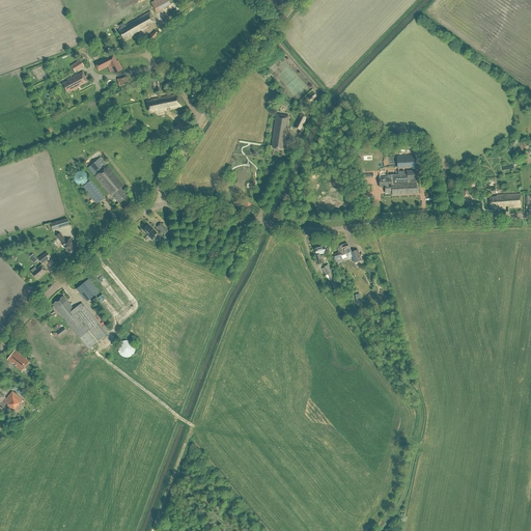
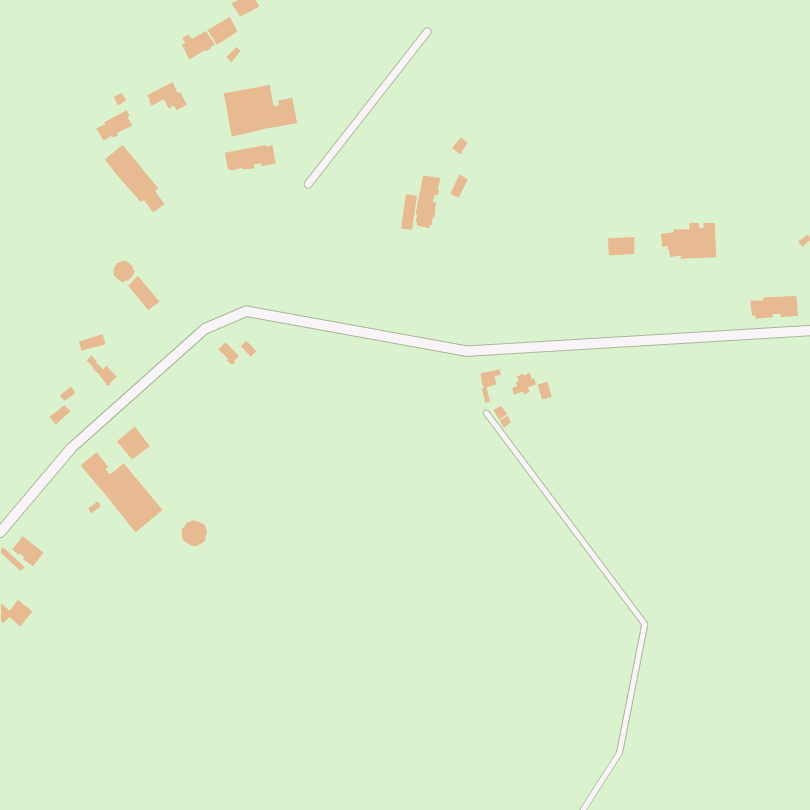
building: none -> [223,84,298,137]
building: [88,157,129,202] -> [104,144,166,214]
building: [380,170,417,194] -> [660,223,717,259]

